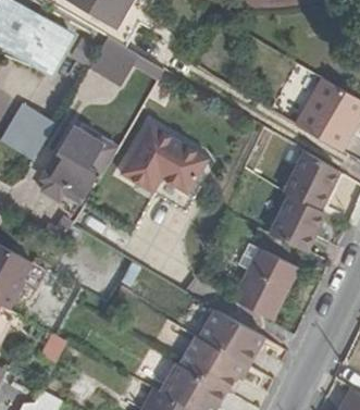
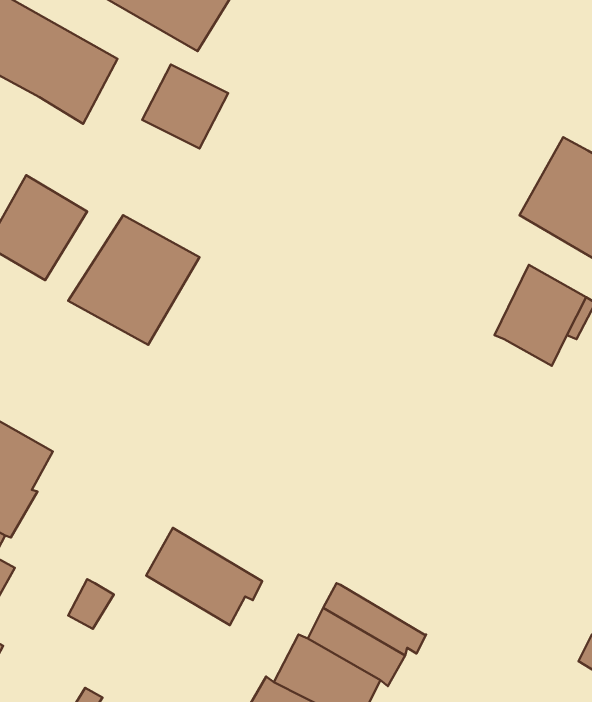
building: [113,125,201,198] -> none
building: [271,195,324,250] -> none
building: [232,248,296,321] -> none
building: [197,308,263,363] -> [146,528,262,625]

